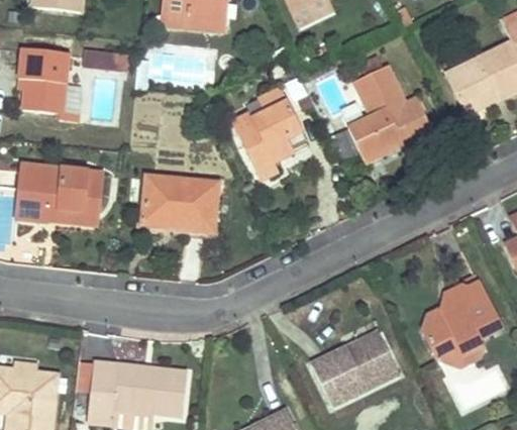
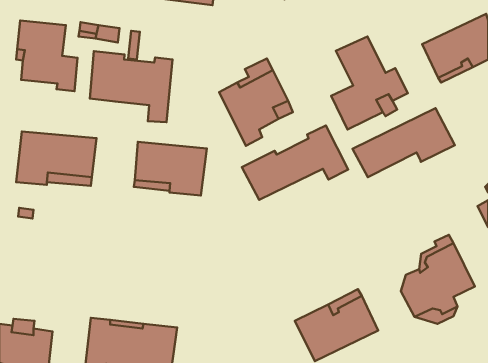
building: none -> [90,51,173,122]
building: none -> [352,108,455,177]
building: none -> [242,126,348,200]

